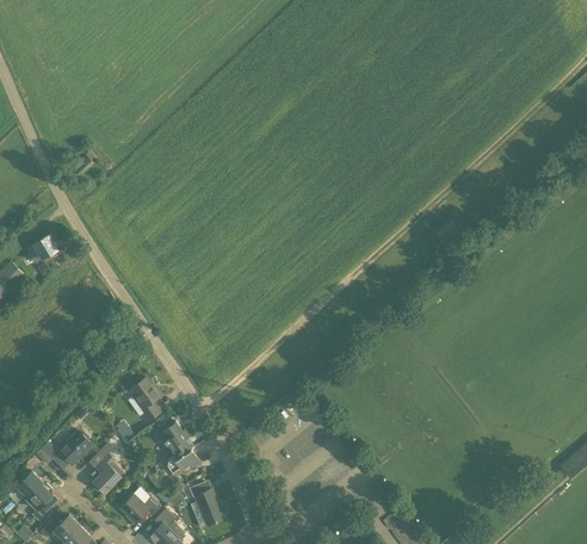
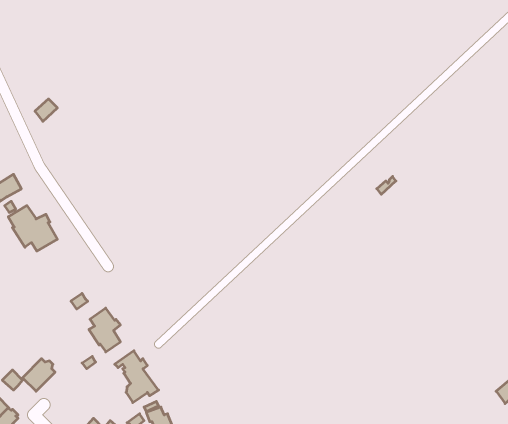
building: none -> [8,206,57,251]
building: [93,452,124,494] -> none

